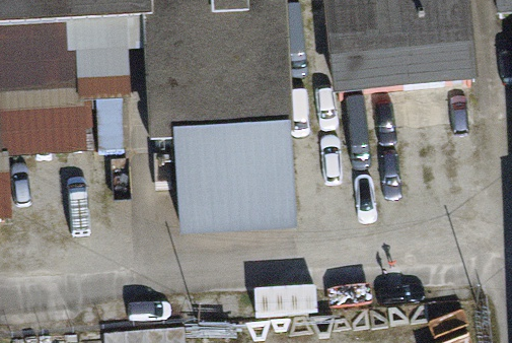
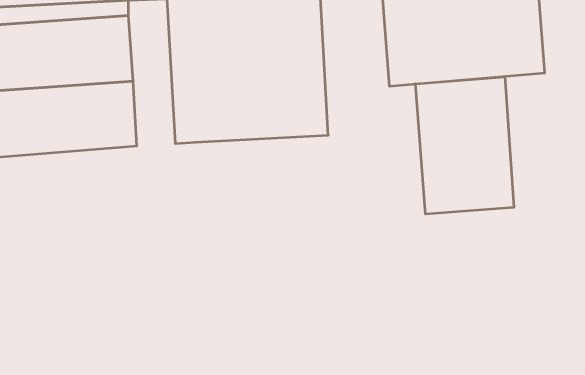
building: none -> [416,77,514,214]
building: [176,134,294,234] -> none

